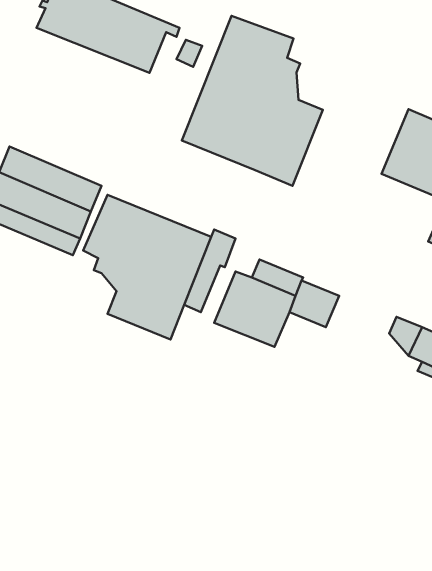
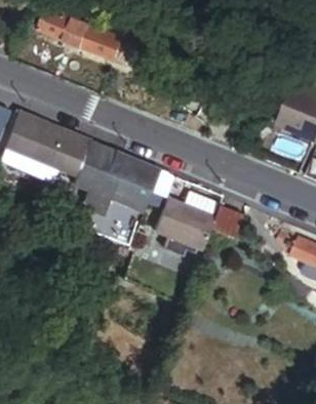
building: [182,16,323,186] -> none

